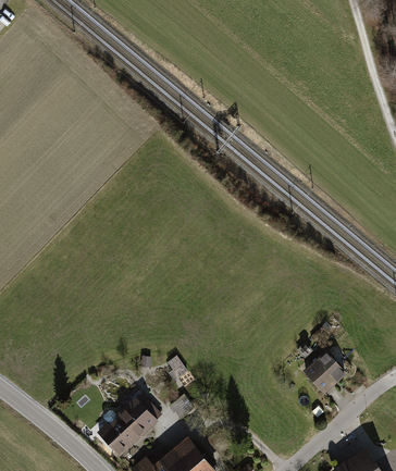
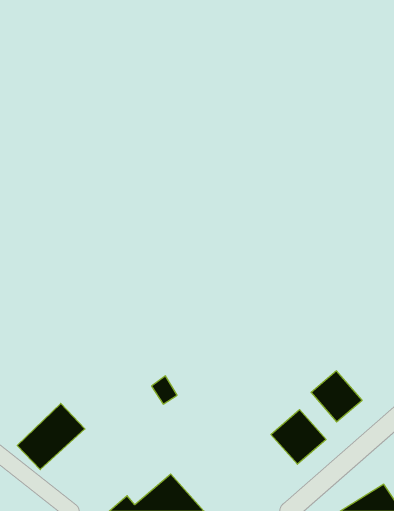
building: none -> [271,410,326,464]
building: [99,397,157,454] -> [17,403,85,470]

